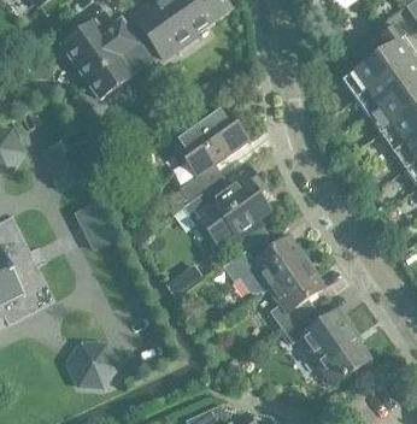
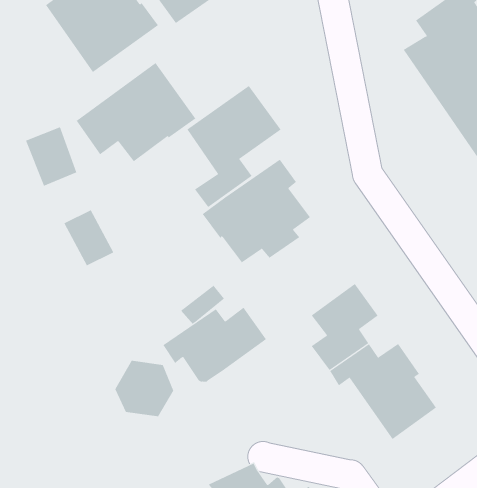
building: none -> [76,62,196,162]
building: [224,236,306,295] -> [162,307,267,382]
building: [69,342,116,387] -> [114,360,174,417]

